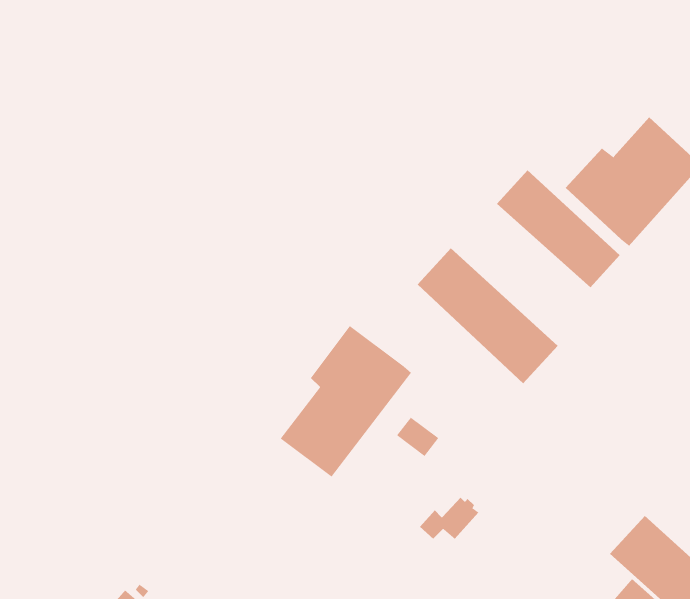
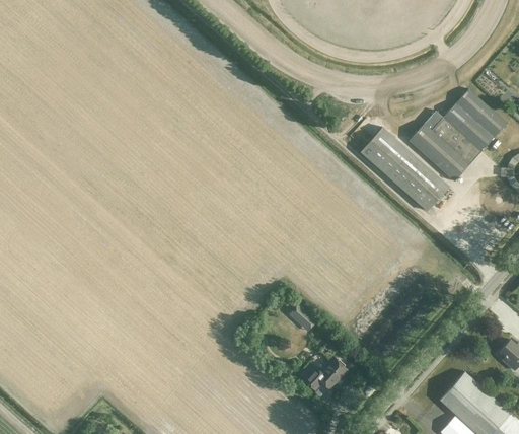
building: [417,248,558,384] -> none
building: [280,325,412,477] -> none

